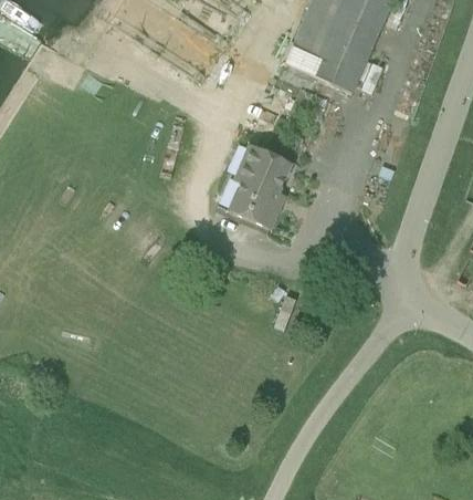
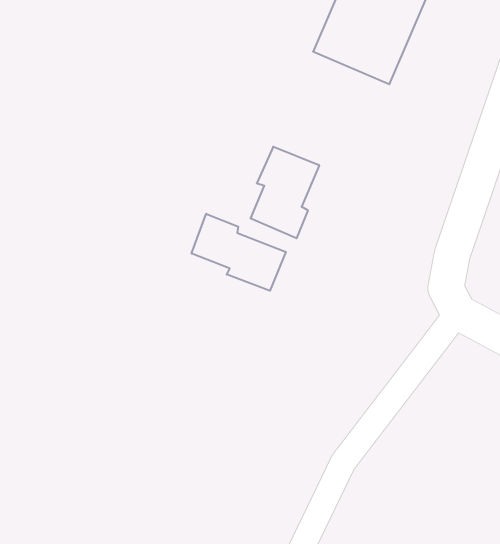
building: none -> [192,214,286,291]

